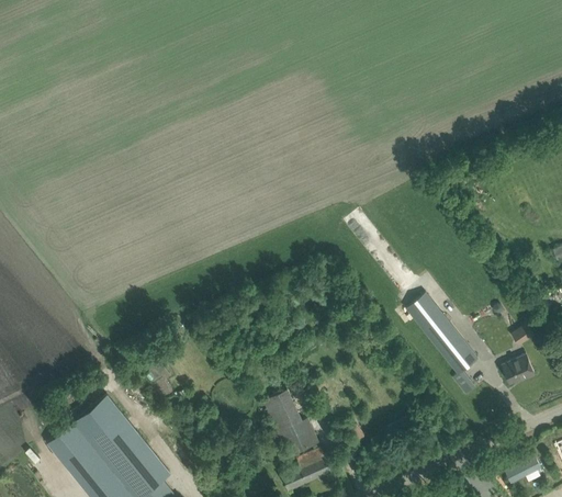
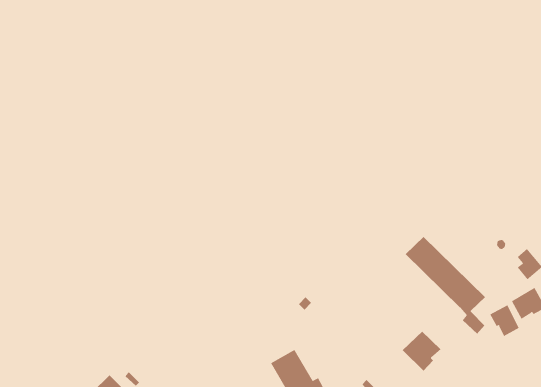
building: none -> [490,304,520,337]
building: none -> [402,331,441,371]

